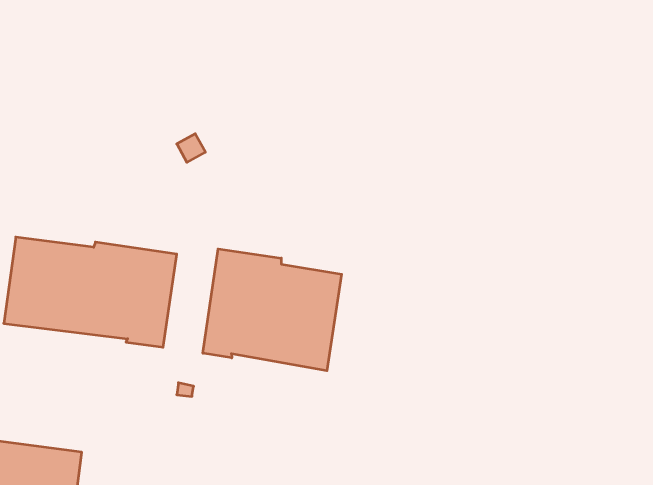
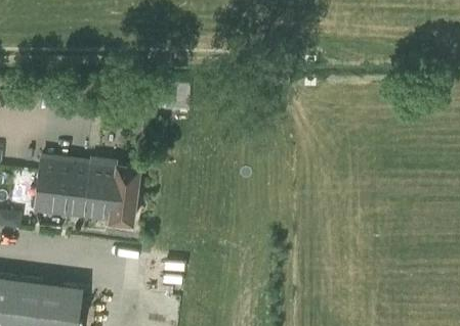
building: [203,249,342,371] -> none

